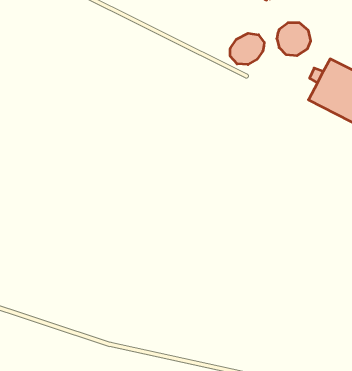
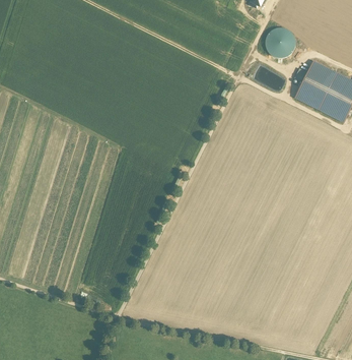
building: [230,33,264,65] -> none

